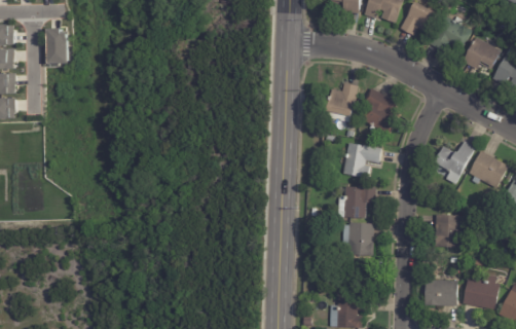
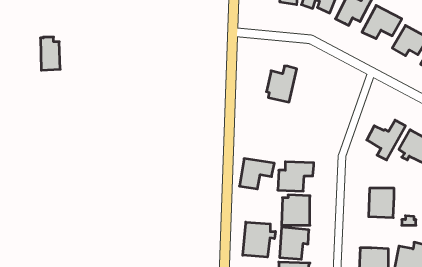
building: [48,27,70,63] -> [40,37,60,70]
building: [362,87,400,135] -> none
building: [342,143,380,176] -> [239,159,274,189]
building: none -> [243,222,275,257]

